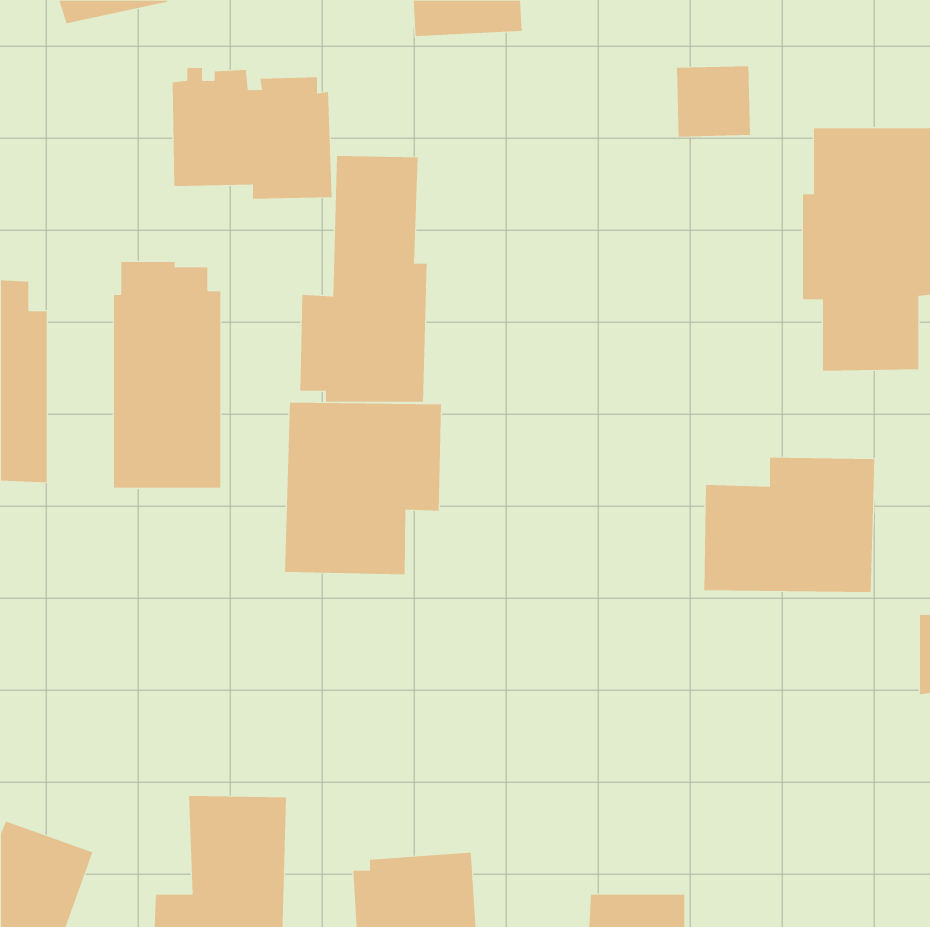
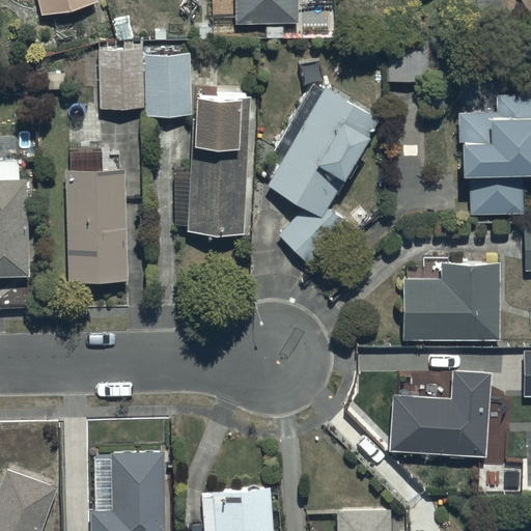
building: none -> [267,84,381,269]
building: [285,402,442,575] -> none
building: none -> [390,370,492,459]

